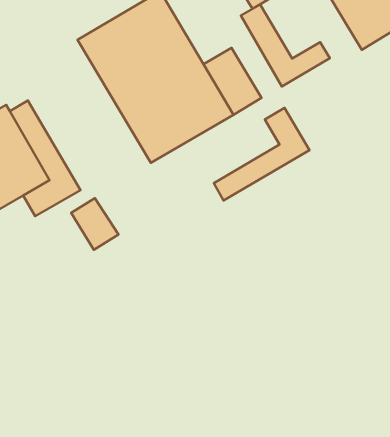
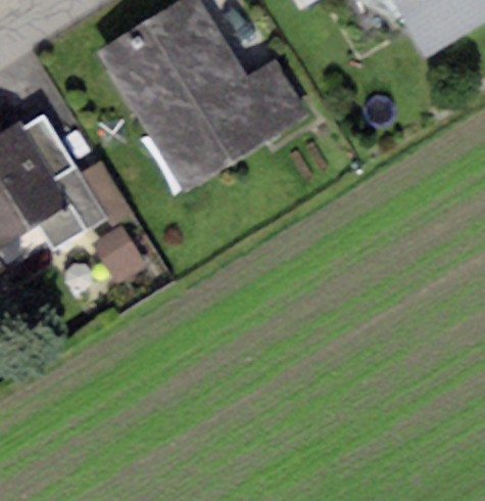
building: [241,4,330,87] -> none
building: [214,108,310,200] -> none

